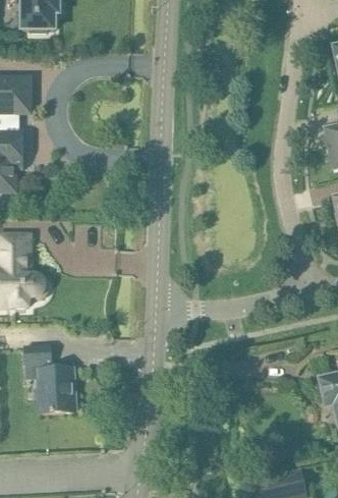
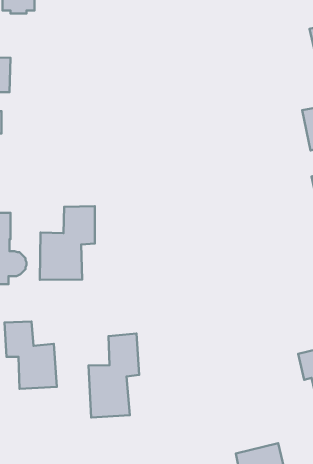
building: none -> [40,206,95,280]
building: none -> [88,334,139,418]

